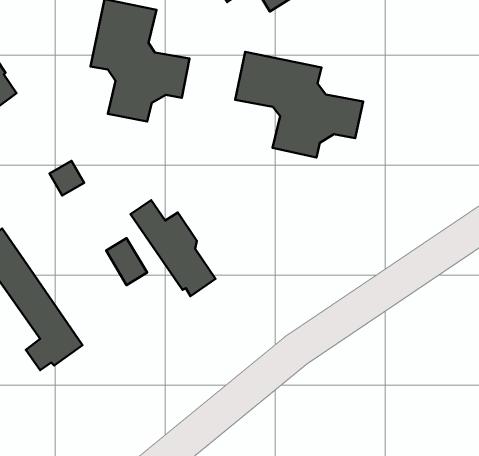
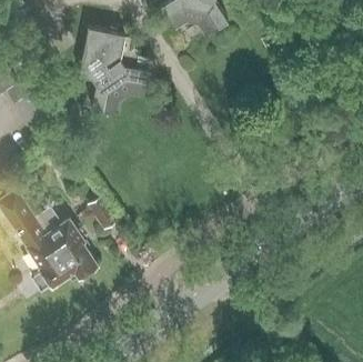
building: [235,52,363,157] -> none
building: [131,200,216,296] -> [36,210,95,278]

